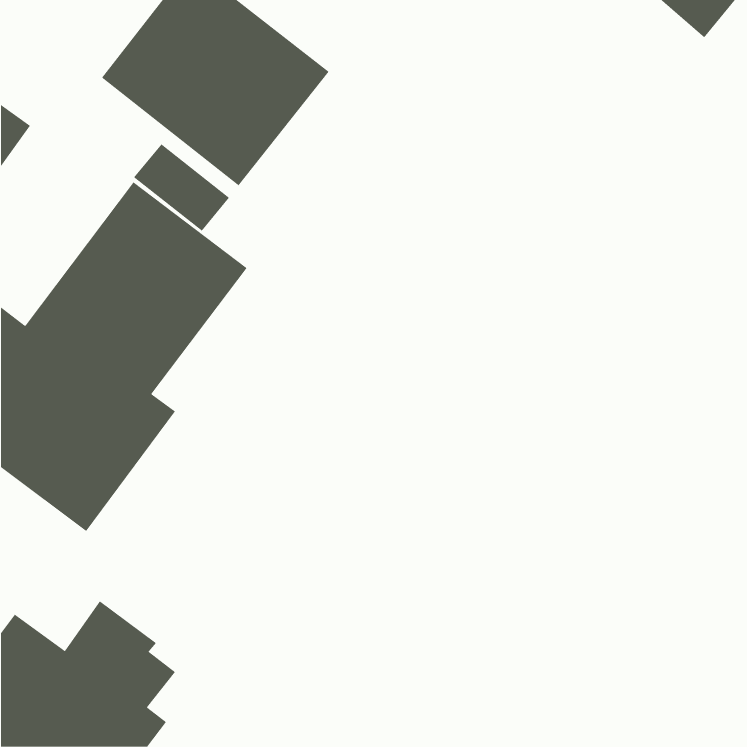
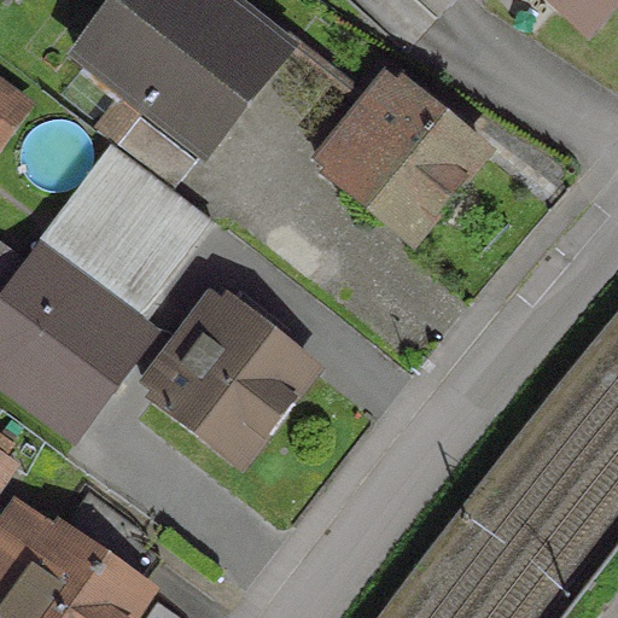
building: none -> [313,78,478,243]
building: none -> [138,295,308,462]

